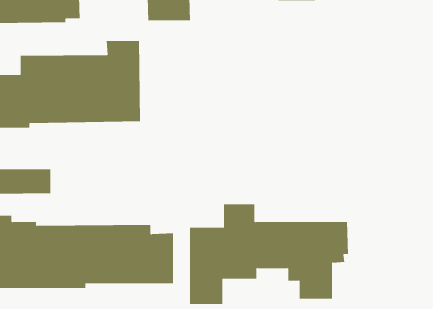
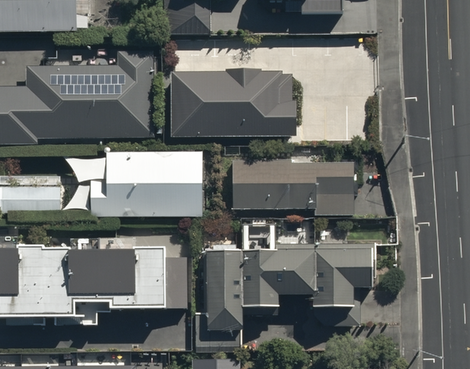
building: none -> [170,69,292,135]
building: none -> [91,152,202,217]
building: none -> [232,159,350,216]

